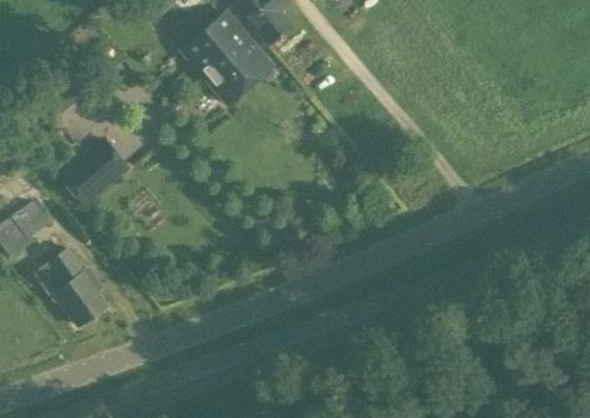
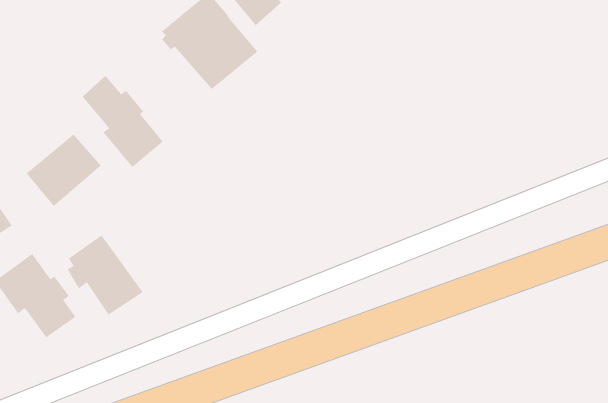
building: none -> [82,75,164,168]
building: none -> [67,235,144,316]

